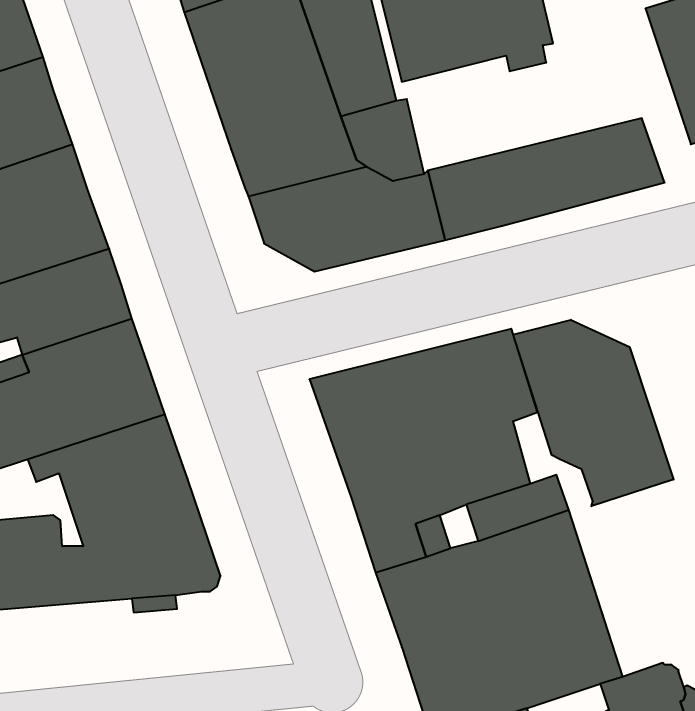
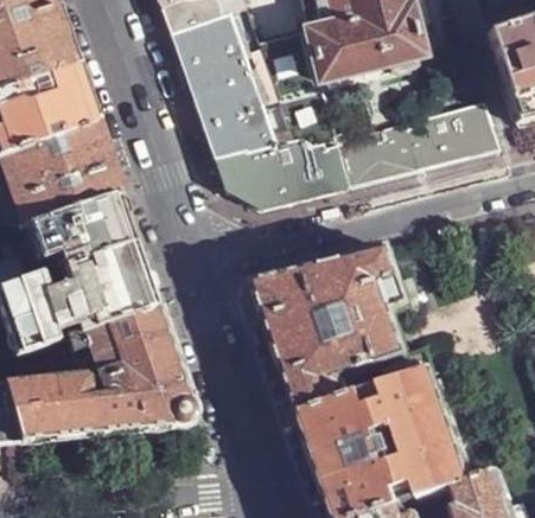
building: [513,320,674,506] -> none

